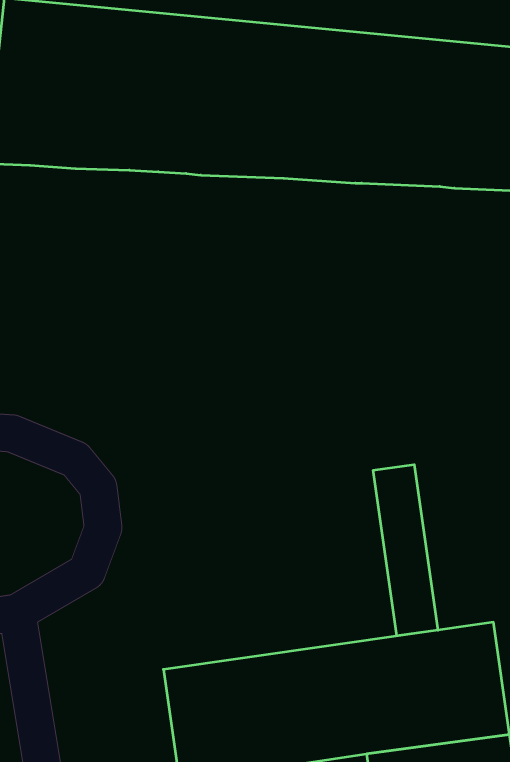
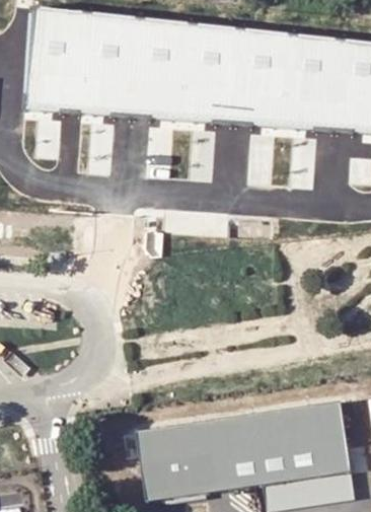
building: [373,465,438,636] -> none

